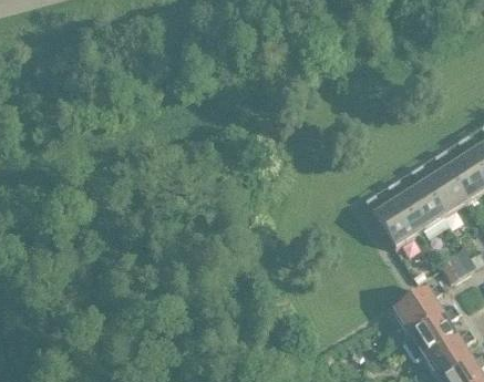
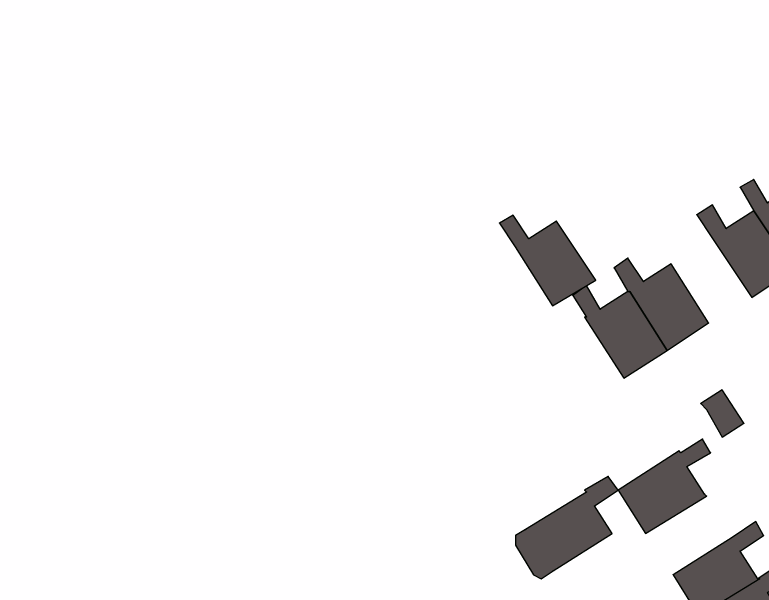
building: [413,164,467,215] -> [499,215,596,306]
building: [402,303,460,361] -> [516,476,618,579]

